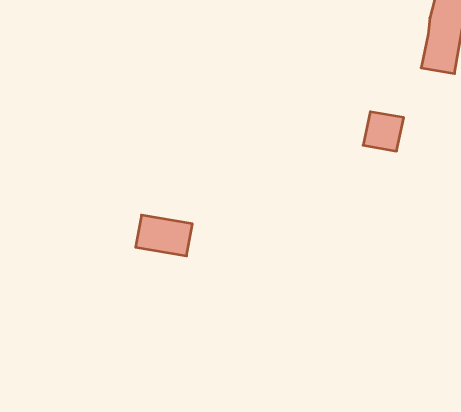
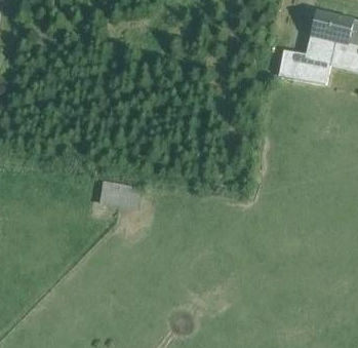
building: [363,112,404,151] -> [279,50,308,78]

